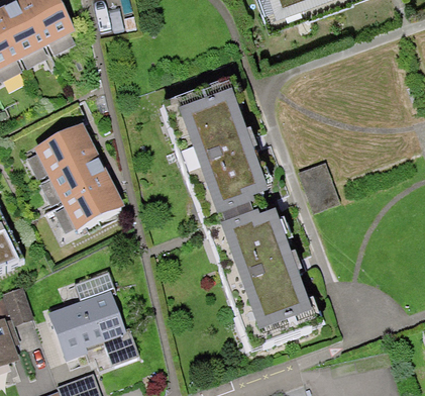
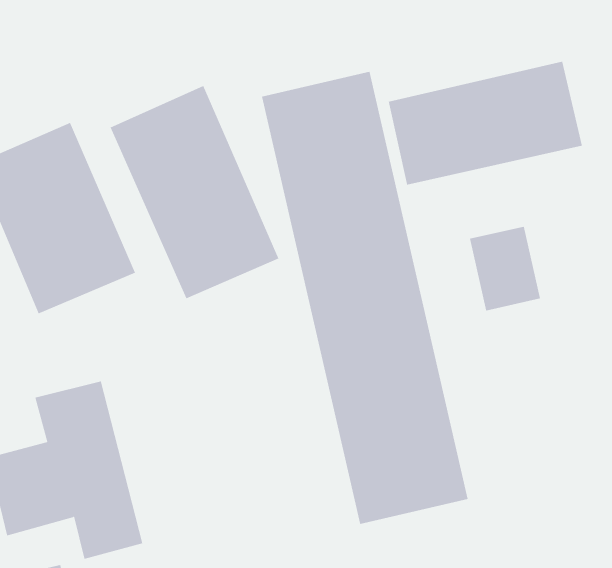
building: none -> [388,61,583,185]
building: none -> [110,85,279,299]

